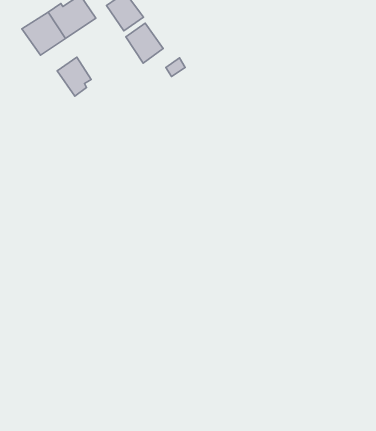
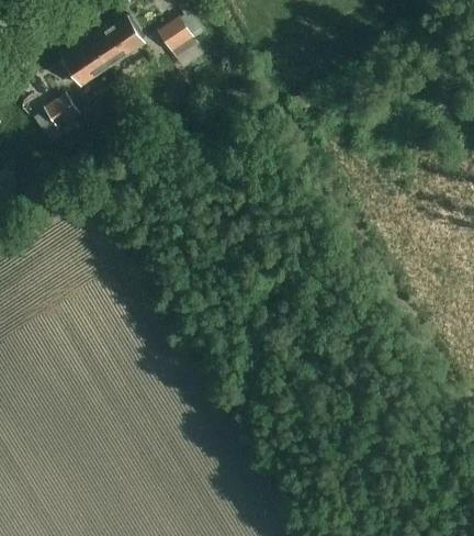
building: [126,23,163,63] -> none
building: [57,57,91,96] -> [42,91,80,135]

